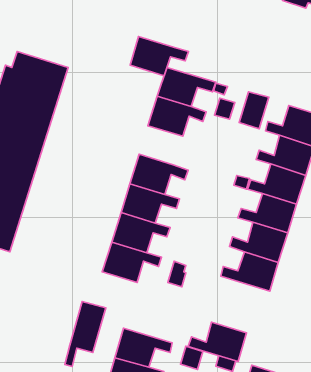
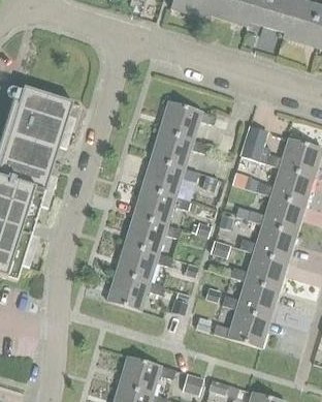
building: [130,37,188,76] -> [142,157,199,195]
building: [65,302,106,366] -> none
building: [188,322,247,361] -> [213,308,269,346]

